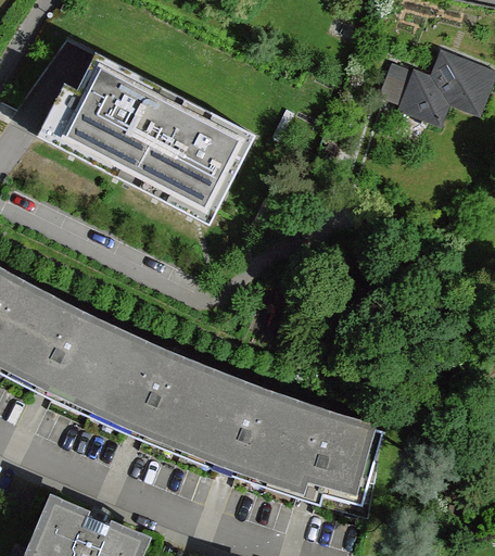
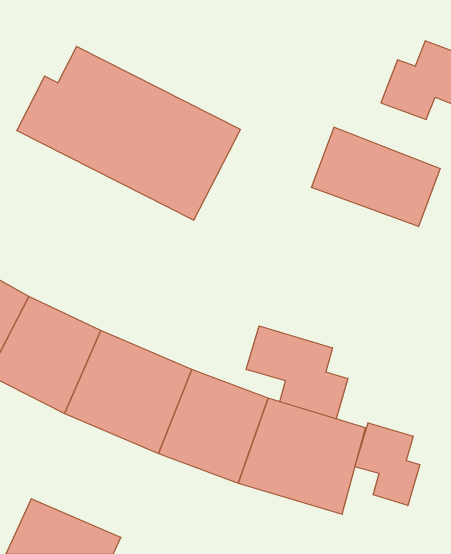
building: none -> [311,127,440,227]
building: none -> [246,326,348,419]
building: none -> [355,423,420,506]

